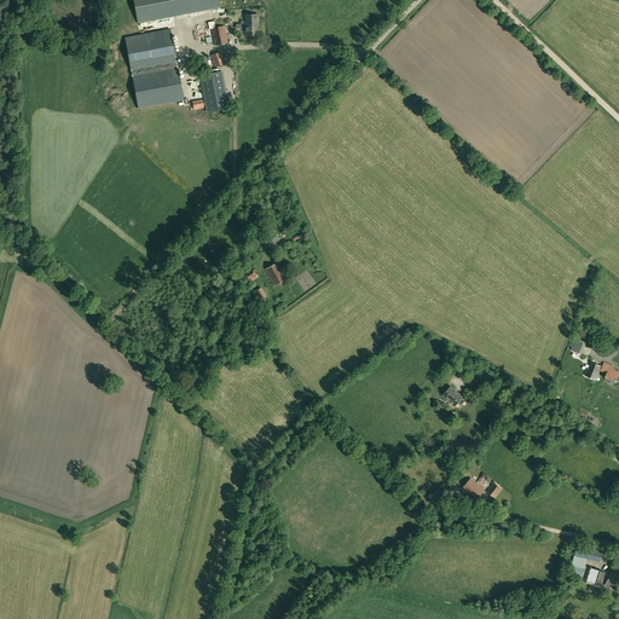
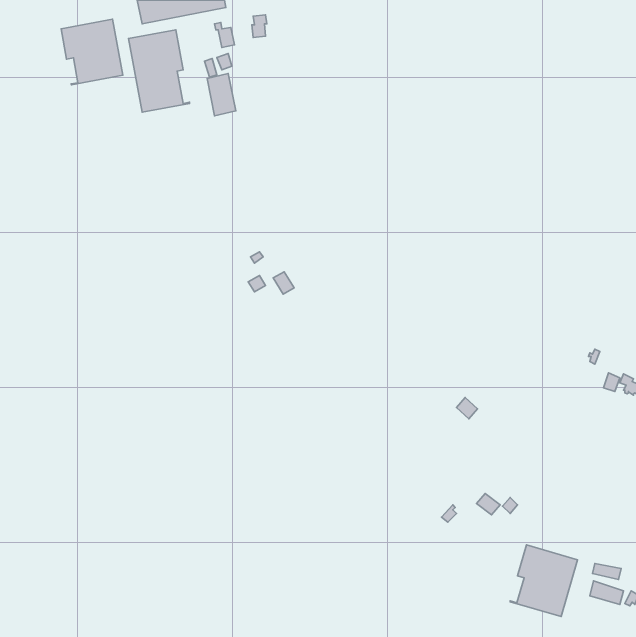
building: none -> [61,19,123,85]
building: none -> [510,545,578,617]

